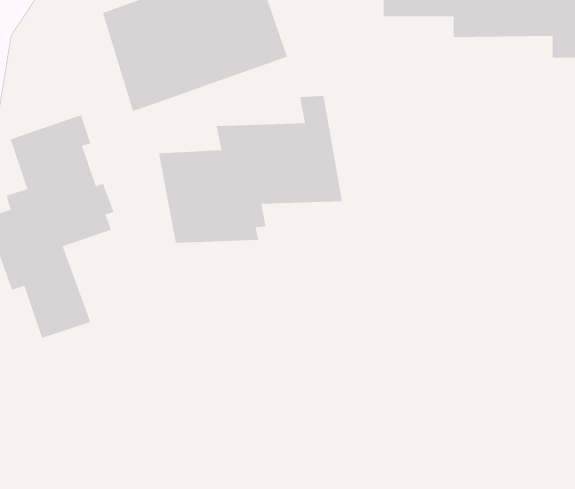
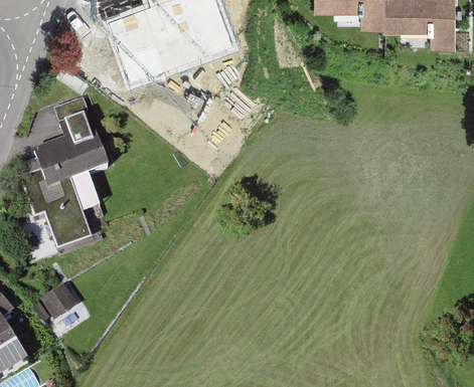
building: [159,95,343,243] -> none
building: none -> [40,280,81,320]

